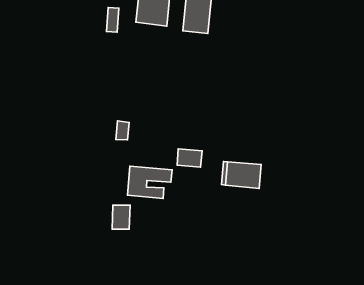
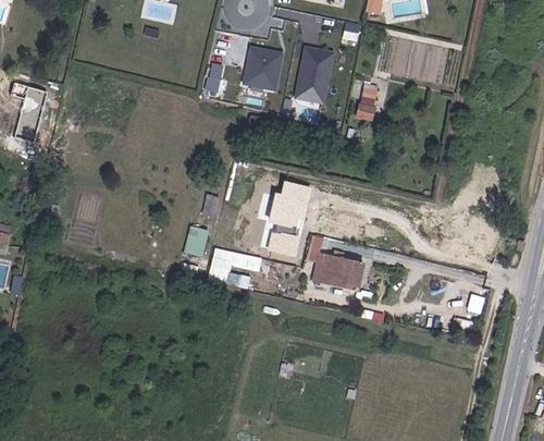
building: none -> [357,82,378,120]
building: none -> [268,179,311,229]
building: [112,205,130,229] -> [184,225,208,255]

